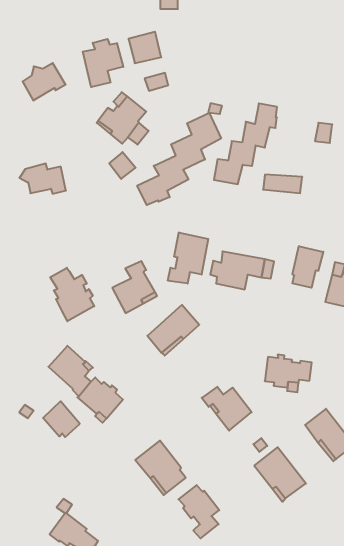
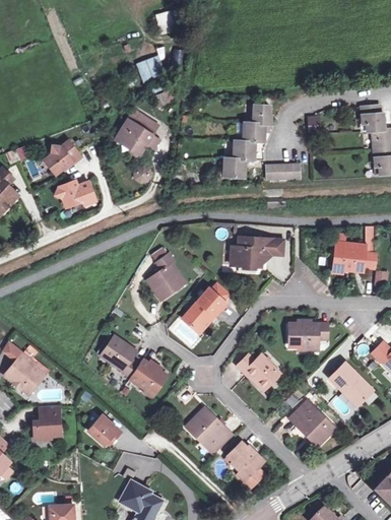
building: [83,39,123,87] -> none
building: [23,63,66,100] -> [44,140,81,175]
building: [137,113,221,205] -> none
building: [168,232,208,284] -> none
building: [292,246,323,288] -> none
building: [50,268,94,321] -> none
building: [43,401,80,437] -> [87,414,120,445]

